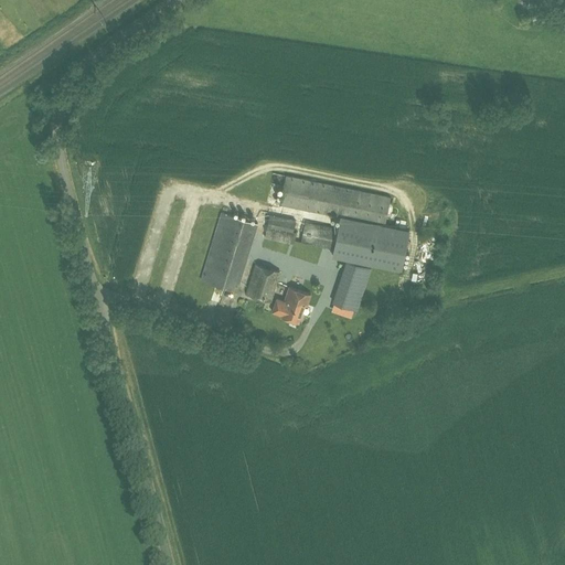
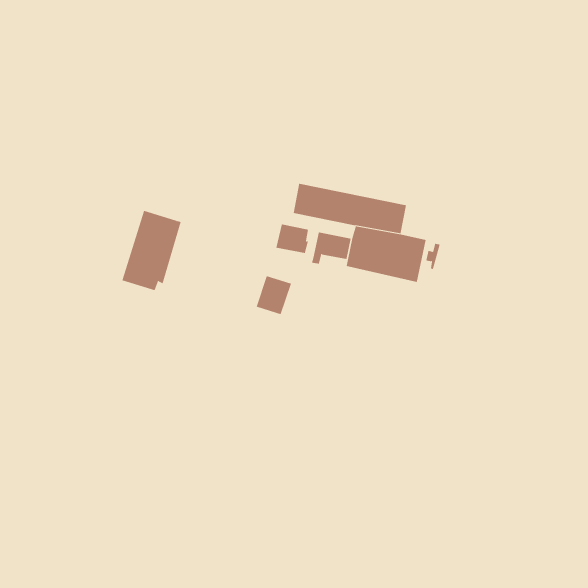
building: [200,213,257,290] -> [122,210,182,291]
building: [332,260,371,311] -> none
building: [270,287,310,322] -> none

